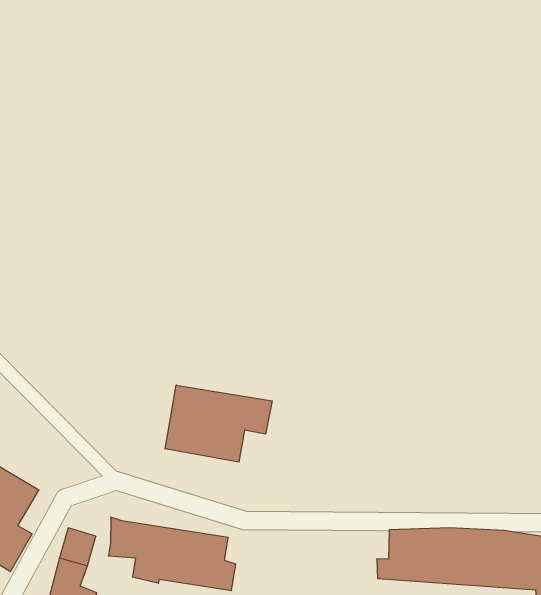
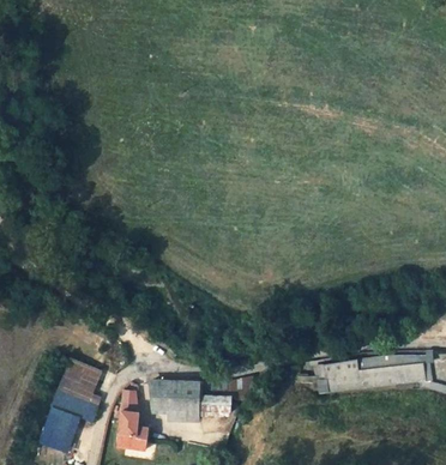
building: [165,385,272,462] -> none

